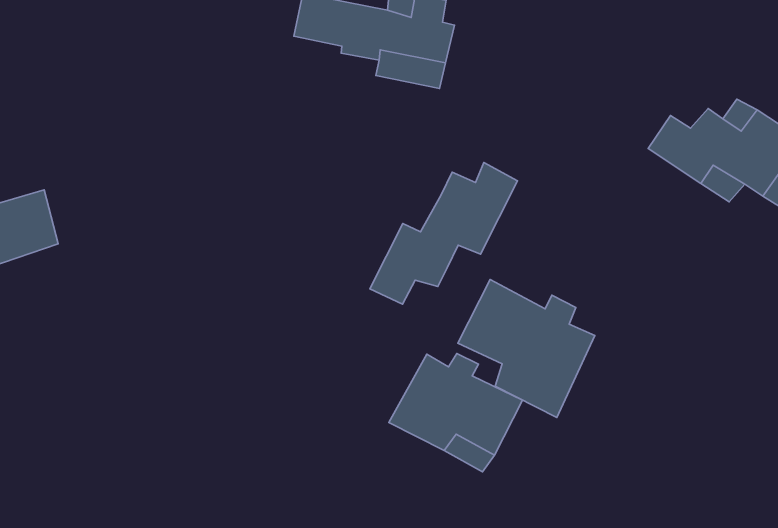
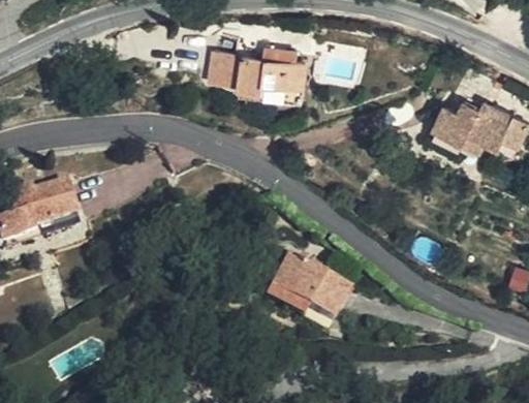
building: [370,162,518,304] -> none
building: [458,279,595,417] -> none

